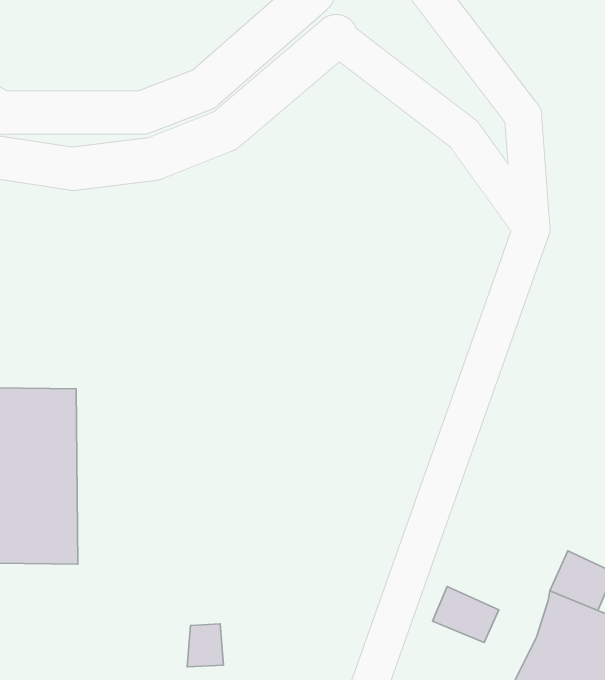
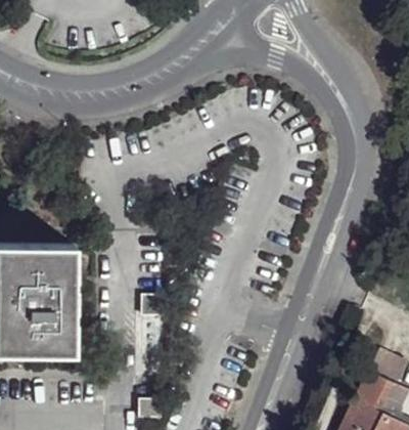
building: [433,586,499,643] -> none

